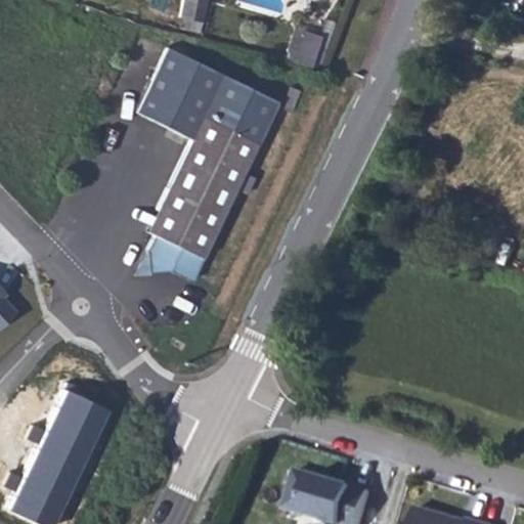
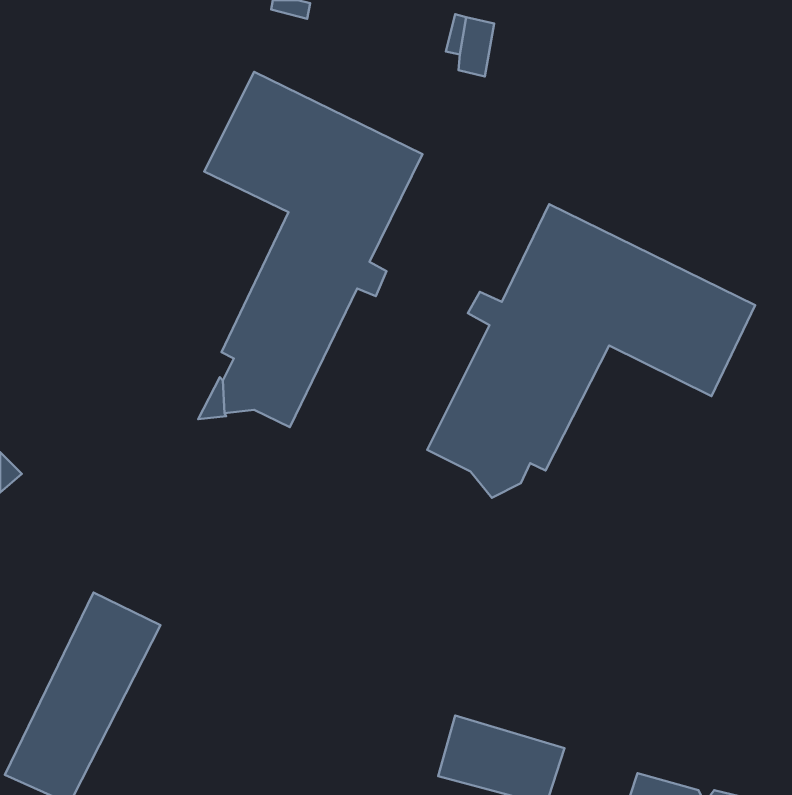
building: none -> [427,204,755,498]

